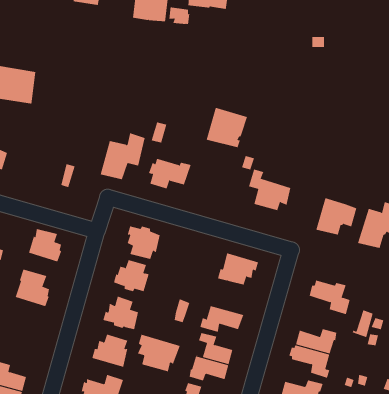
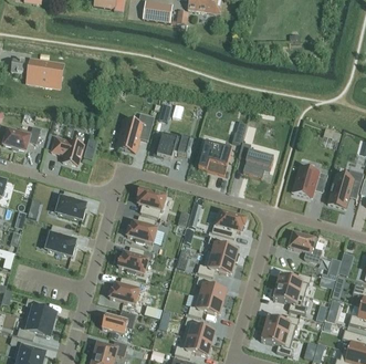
building: [206,107,248,148] -> [198,141,232,174]
building: none -> [51,135,84,165]
building: none -> [207,235,239,261]
building: [137,334,181,372] -> none

